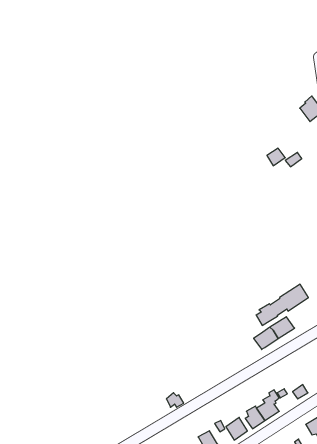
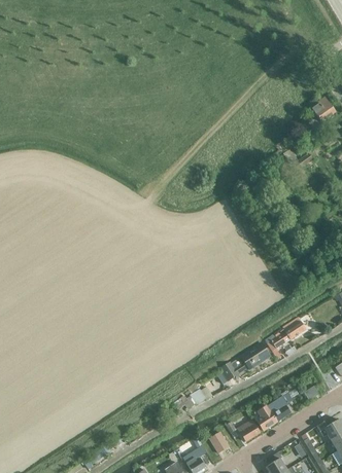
building: [256,284,308,325] -> [217,342,270,384]

